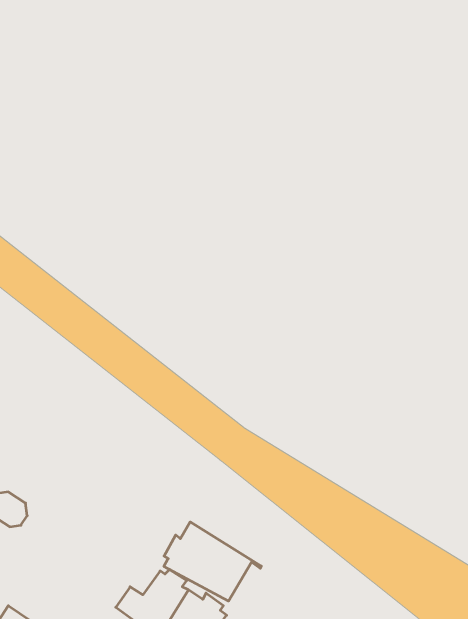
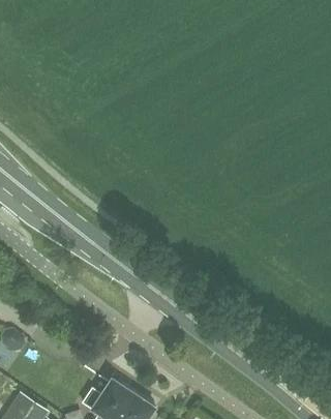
building: [164,522,261,601] -> none

